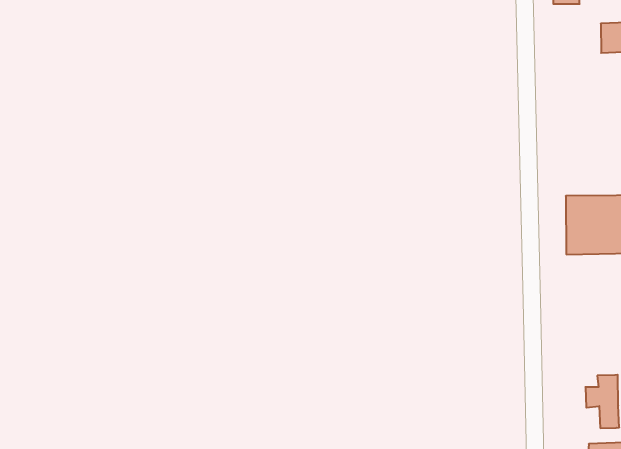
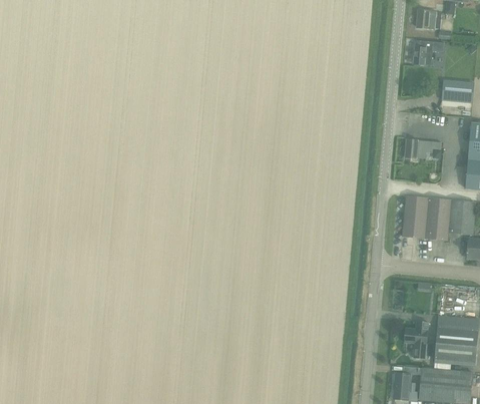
building: none -> [406,139,442,159]

